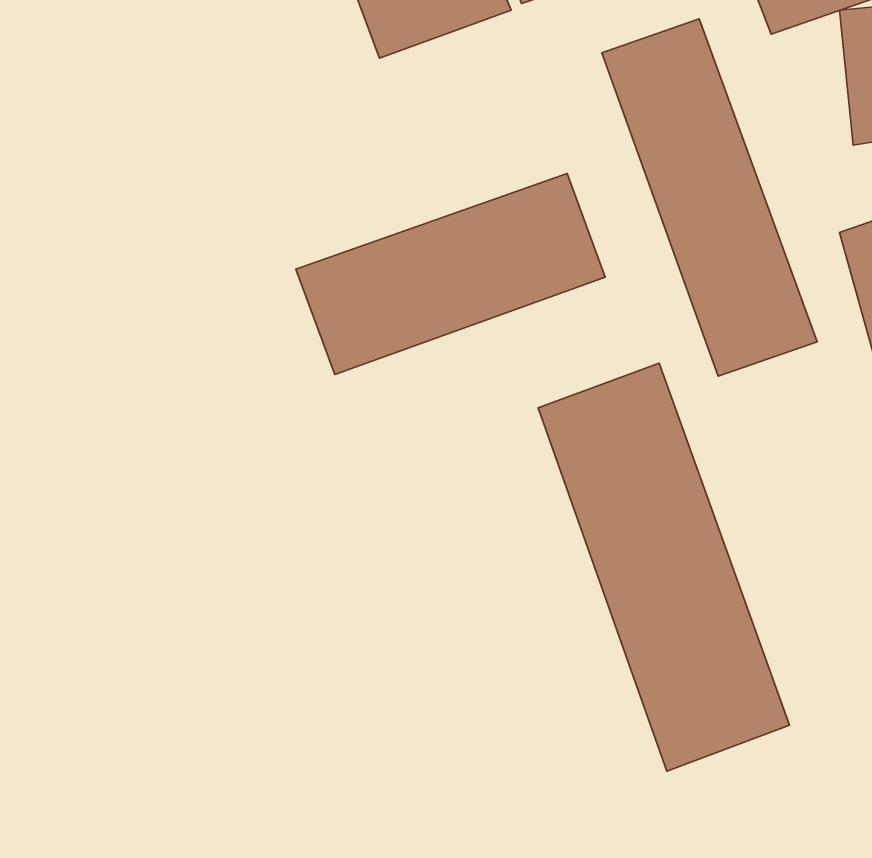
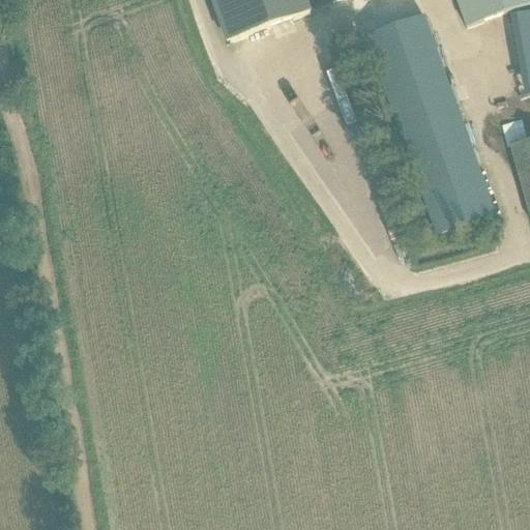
building: [296,174,605,375] -> none
building: [538,363,789,771] -> none

